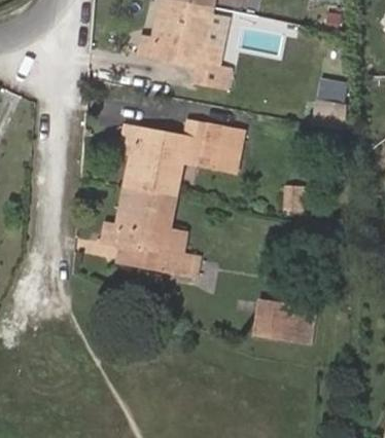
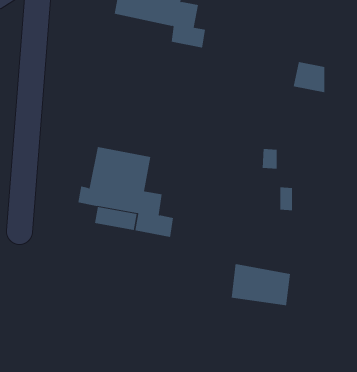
building: [108,121,240,194] -> none

